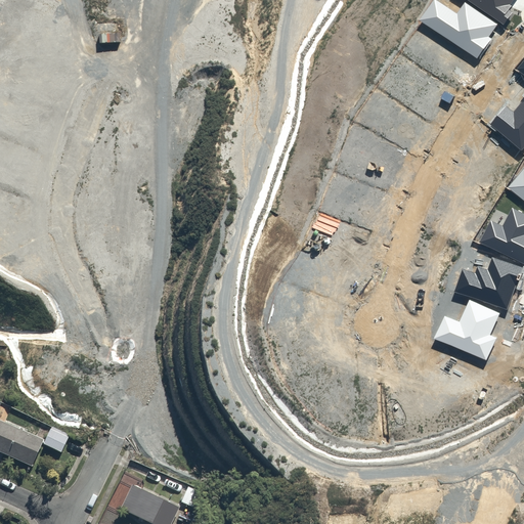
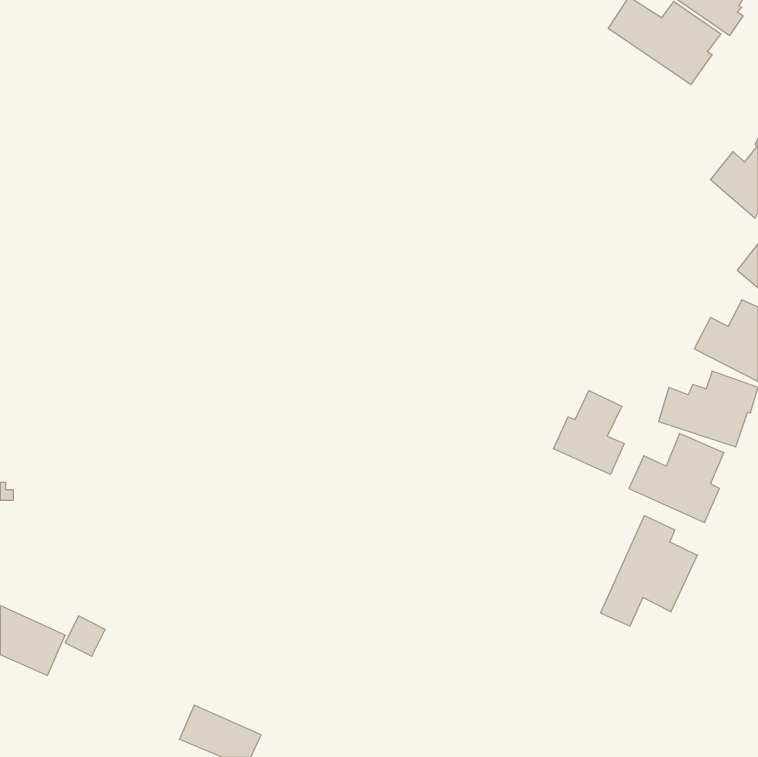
building: none -> [553,391,624,474]
building: none -> [600,516,697,626]

